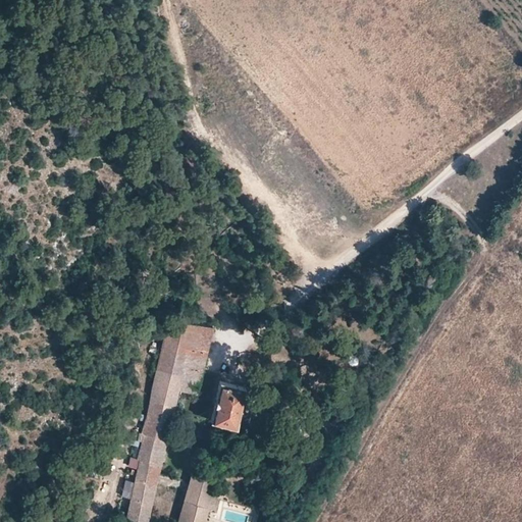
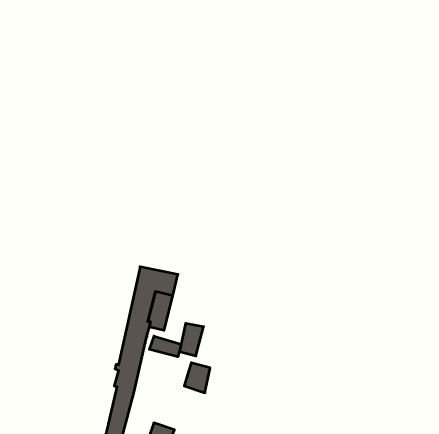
building: none -> [149,336,181,357]
building: [182,480,213,516] -> [184,363,210,393]

